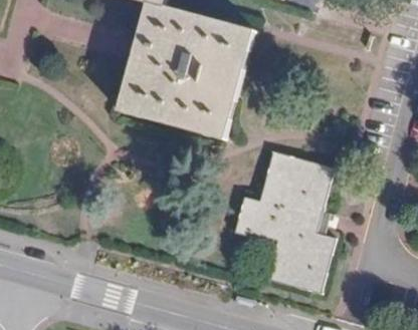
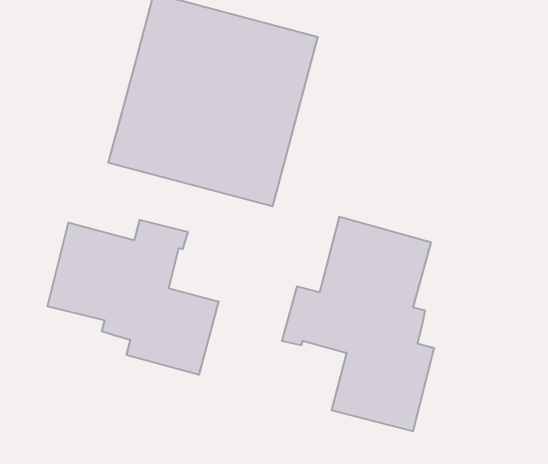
building: none -> [47,220,219,375]

